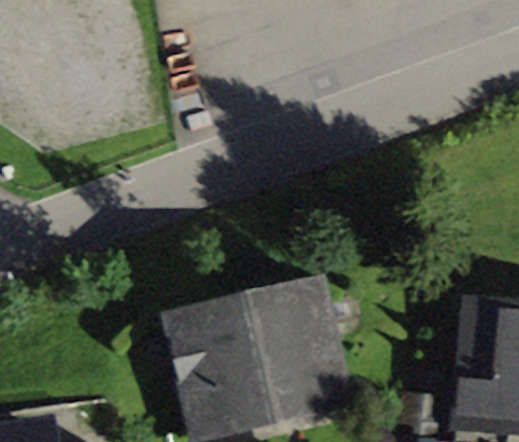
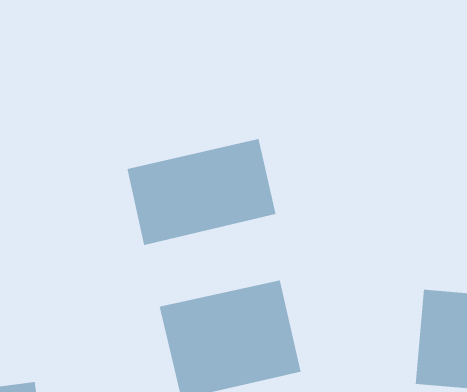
building: none -> [127,138,276,246]

